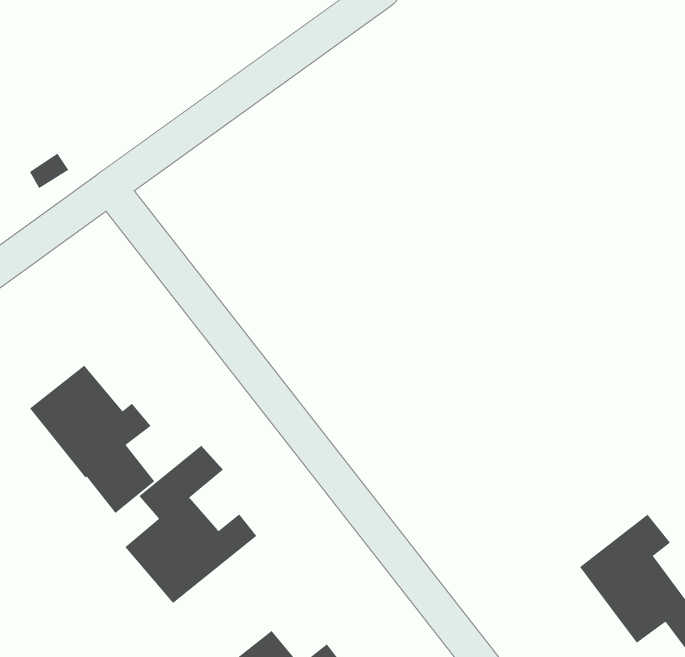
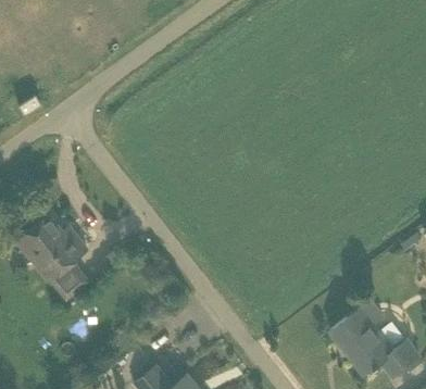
building: [124,445,257,604] -> none

